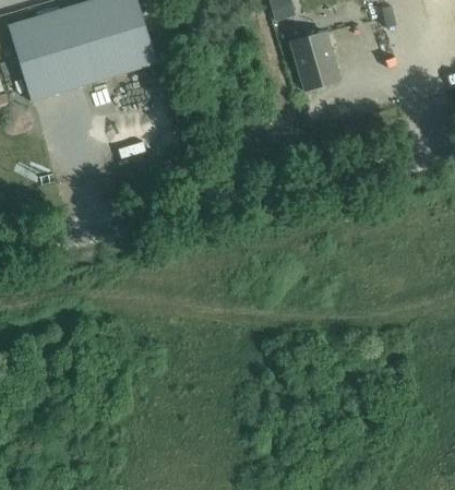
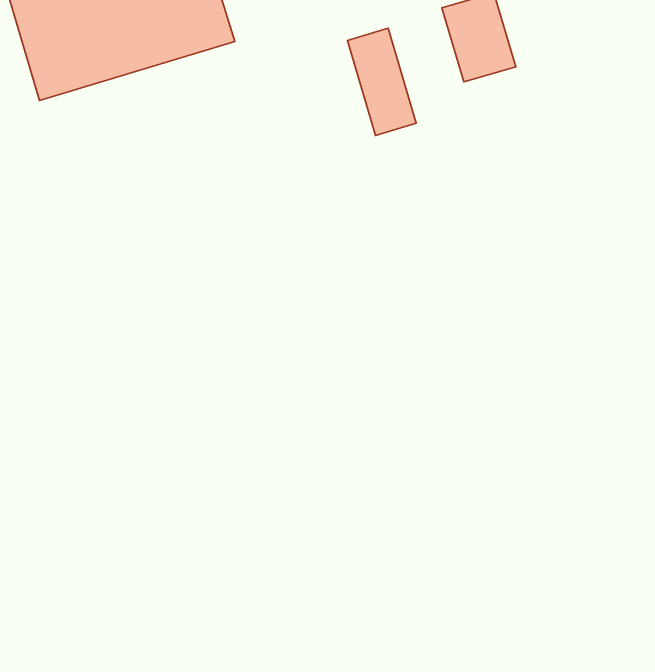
building: none -> [347,28,416,135]

